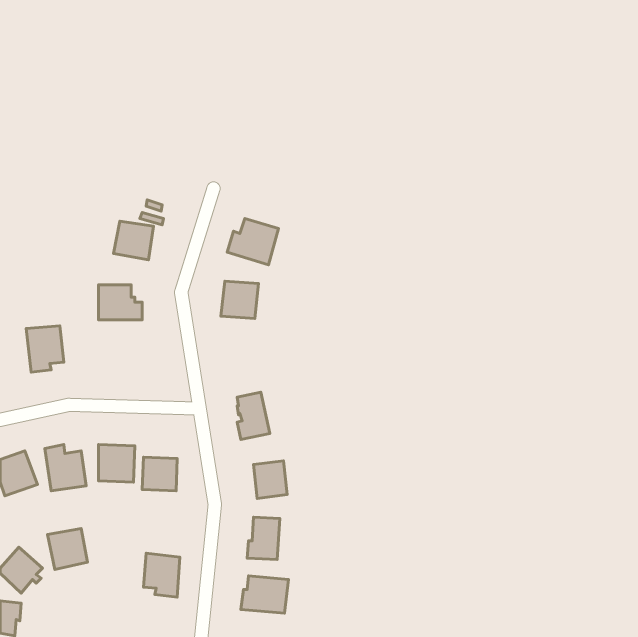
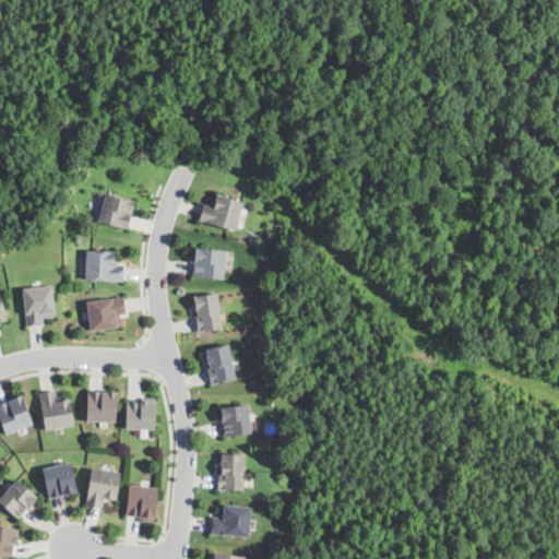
building: none -> [191,293,223,332]
building: none -> [85,295,128,331]
building: none -> [85,467,121,508]

